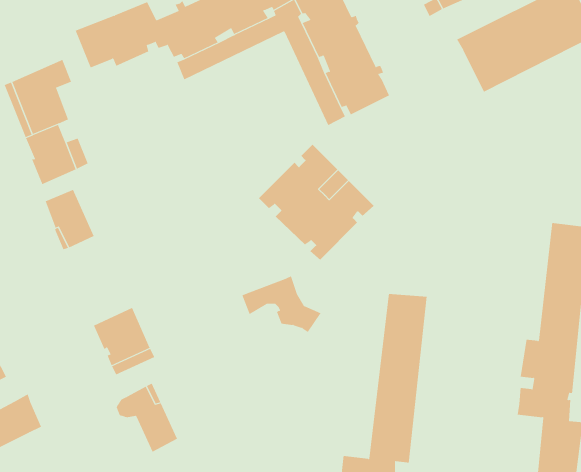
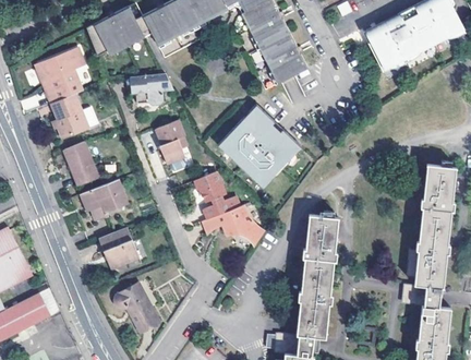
building: none -> [128,75,173,105]
building: none -> [155,118,185,169]
building: none -> [197,168,237,213]
building: none -> [81,175,128,216]

